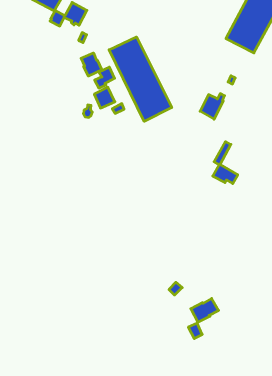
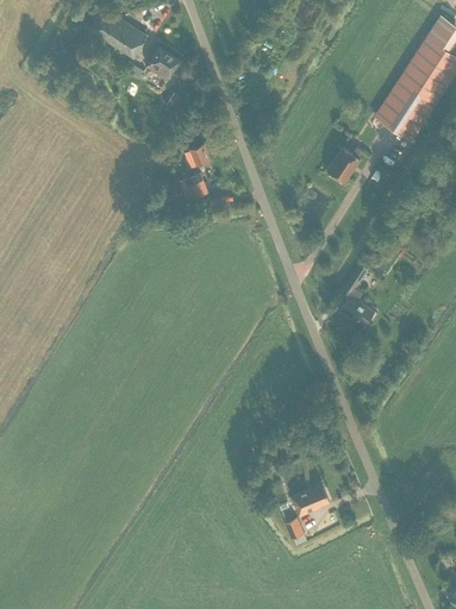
building: [109,37,172,121] -> none
building: [81,53,102,76] -> none
building: [200,94,225,119] -> [326,147,363,183]

